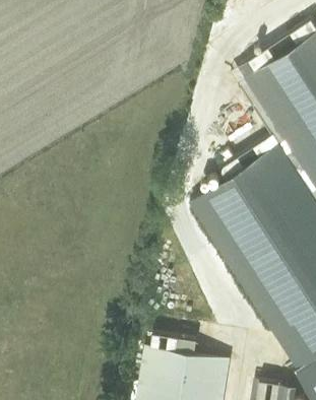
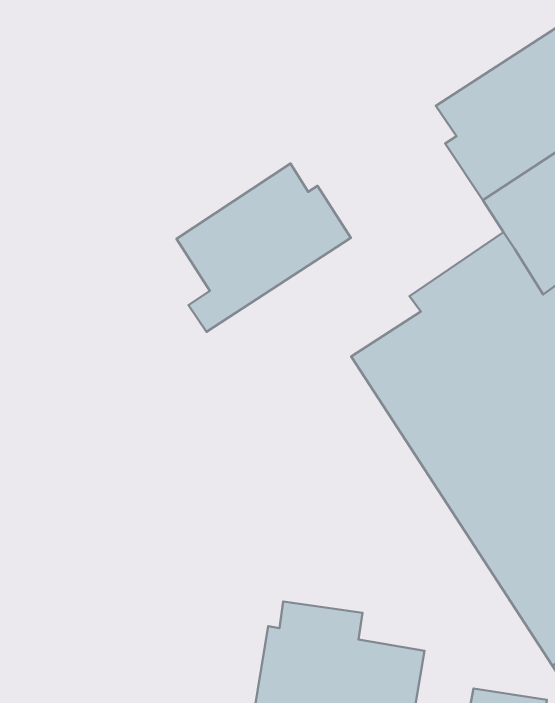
building: none -> [177,164,351,332]

